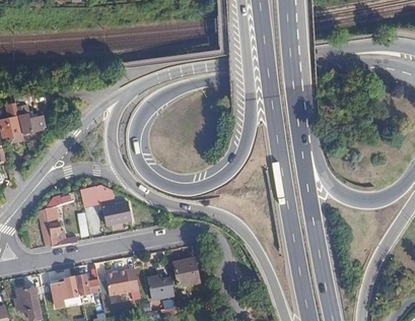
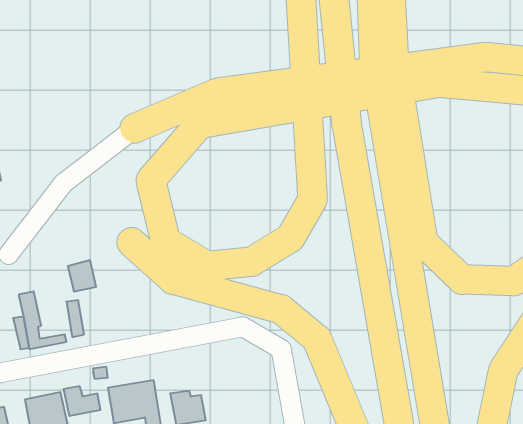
building: [100,198,132,223] -> none
building: [174,258,199,285] -> none

